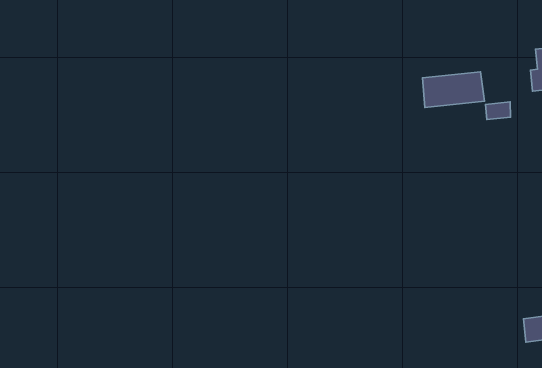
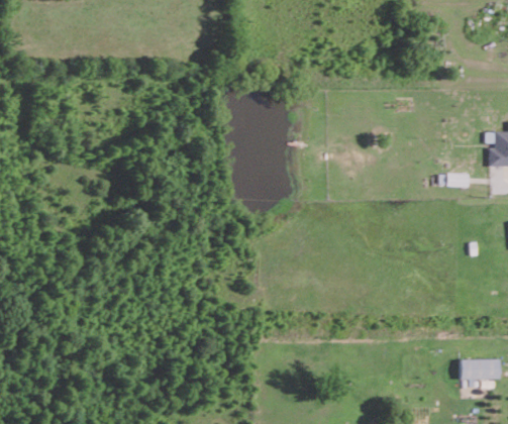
building: [423,72,484,108] -> none

